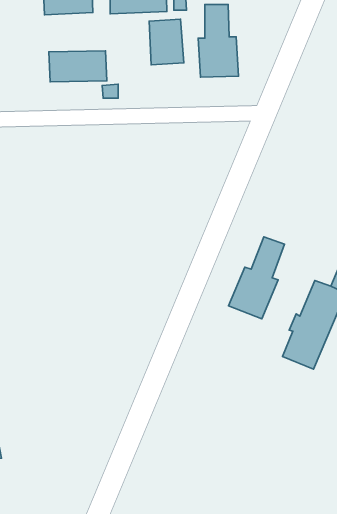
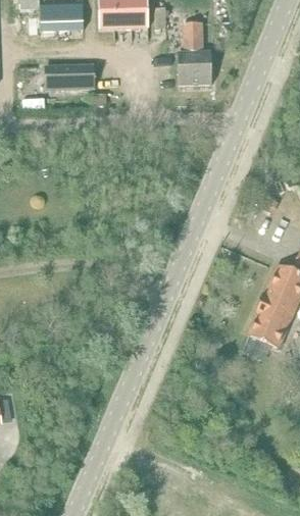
building: [149,19,184,65] -> none
building: [228,237,284,319] -> none

